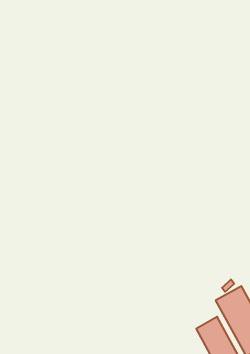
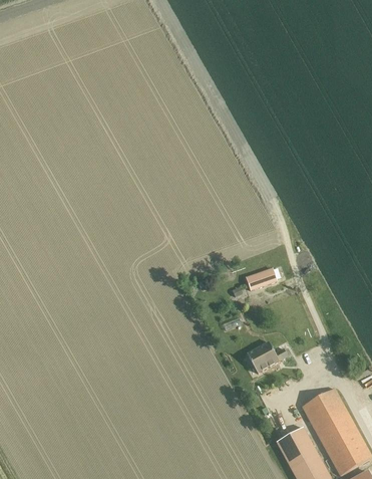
building: none -> [245,267,275,290]
building: none -> [247,334,287,373]

